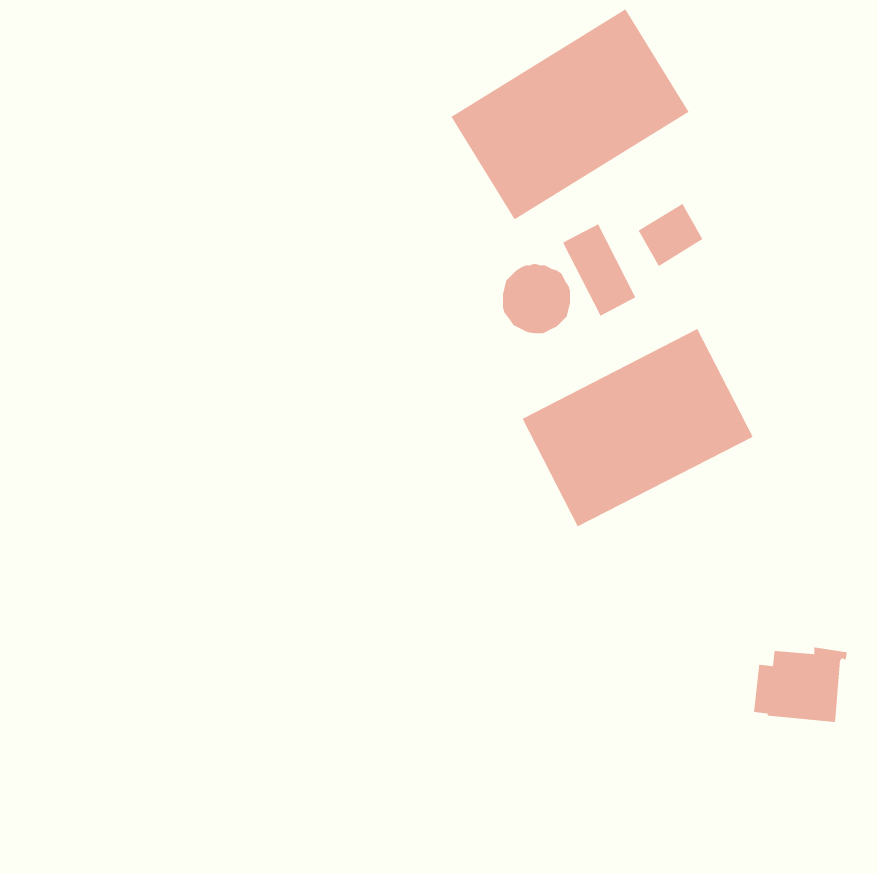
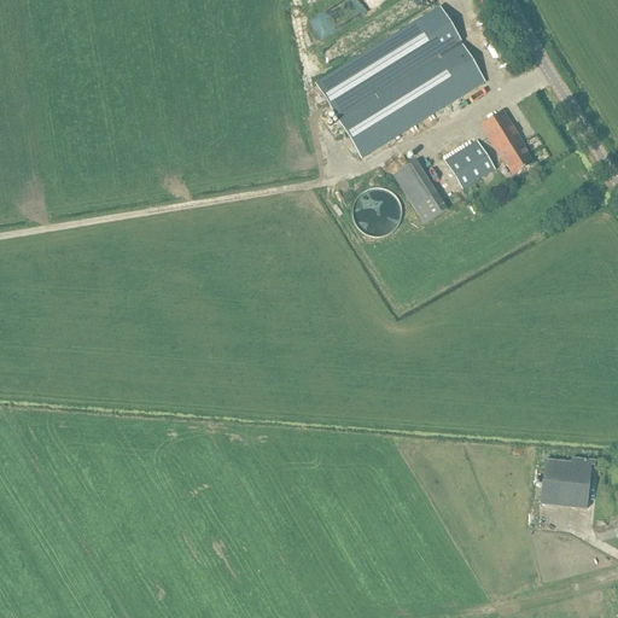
building: none -> [480,109,534,173]
building: [522,328,753,527] -> none

